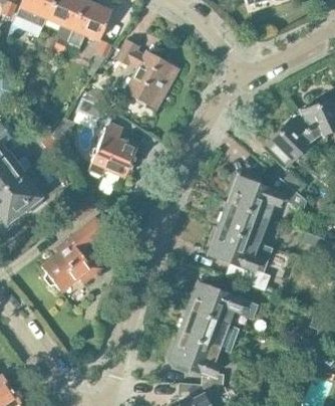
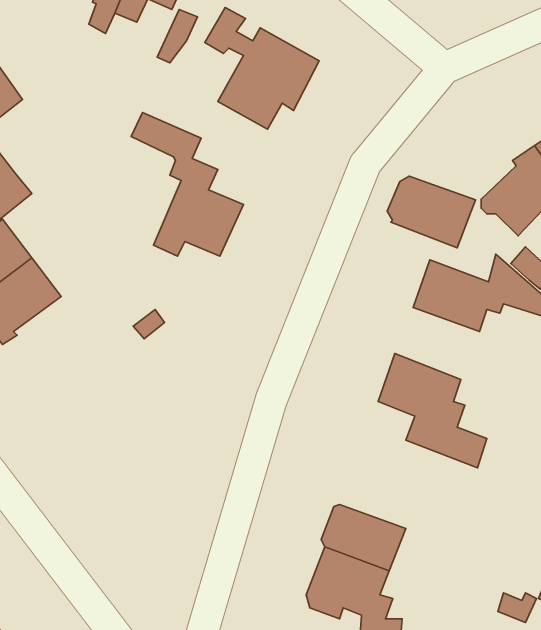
building: [219,204,267,243] -> [387,176,475,248]
building: [42,218,107,291] -> none
building: [191,284,243,325] -> none

